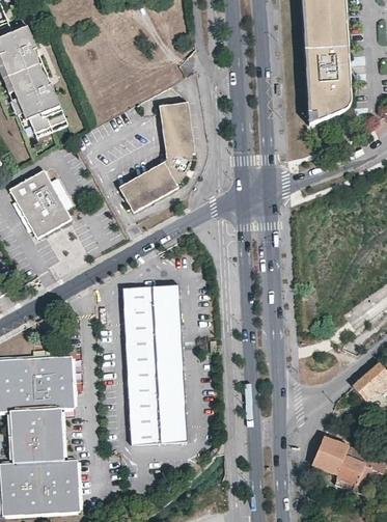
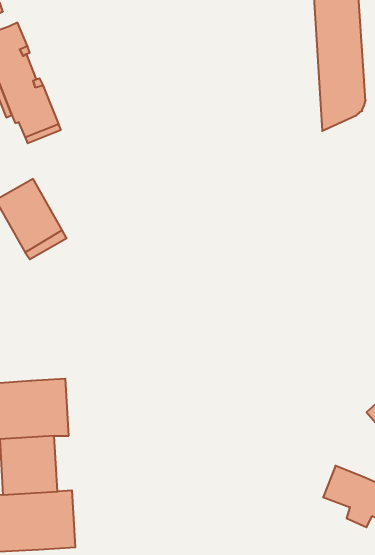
building: [117,99,194,213] -> none
building: [121,284,187,445] -> none

